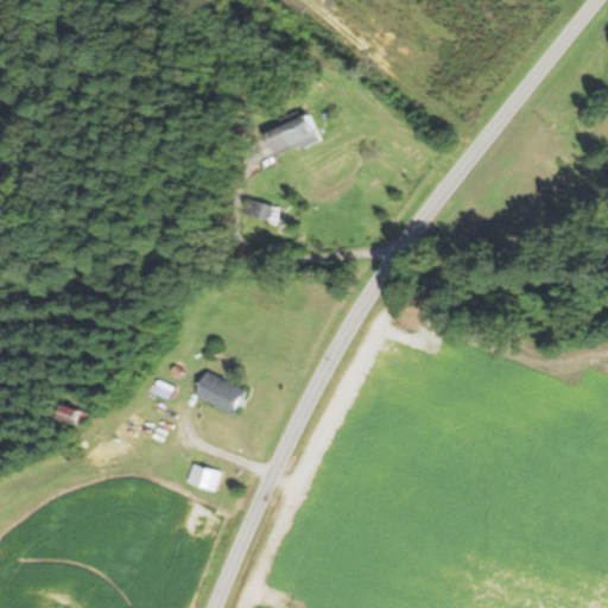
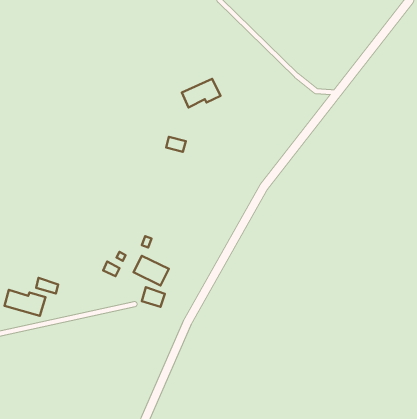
building: none -> [5,290,46,316]
building: [185,462,218,490] -> [142,287,165,307]

